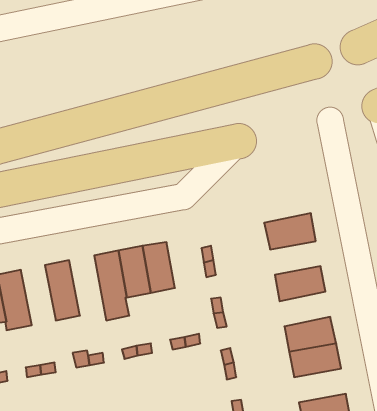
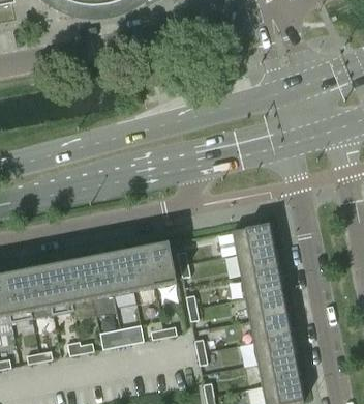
building: none -> [147,242,176,286]
building: none -> [236,246,279,275]
building: none -> [63,258,95,318]
building: none -> [22,266,52,318]
building: none -> [244,289,287,319]
building: none -> [256,355,301,384]

